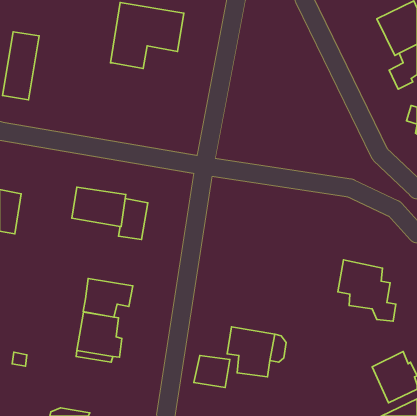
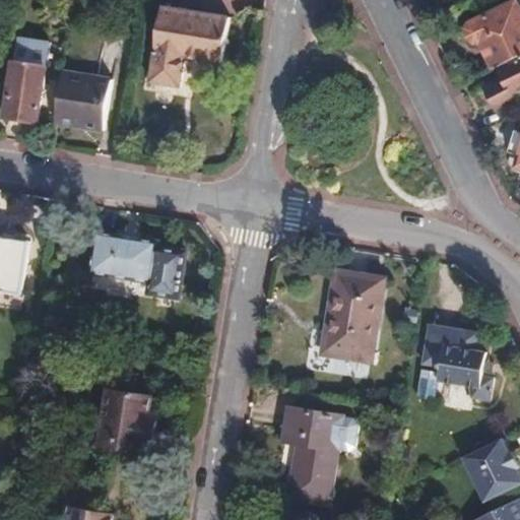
building: none -> [54,71,110,128]
building: none -> [326,274,379,361]
building: [83,279,133,317] -> none
building: [194,356,230,387] -> [287,463,332,503]

